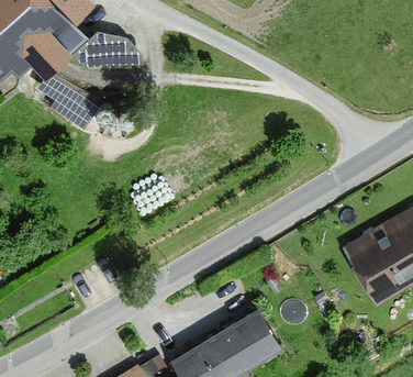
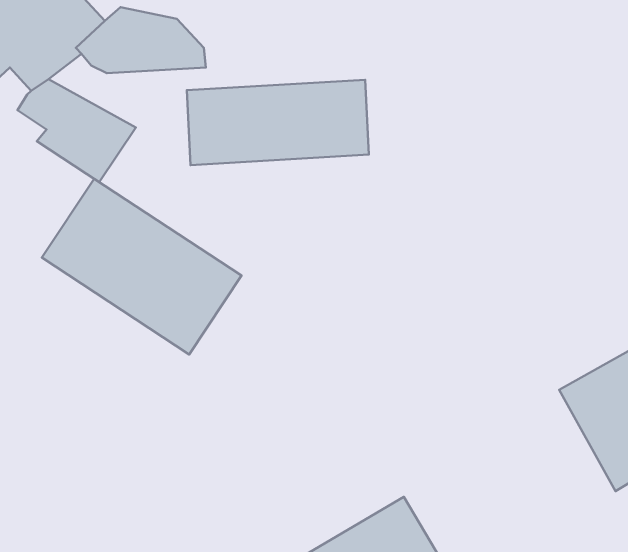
building: none -> [187,80,369,165]
building: none -> [42,179,242,354]

